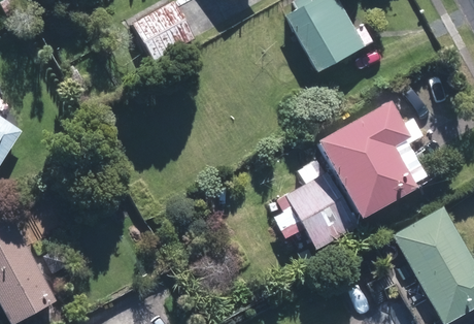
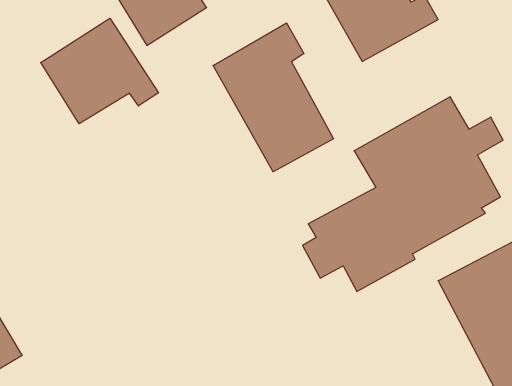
building: none -> [41,18,158,124]
building: none -> [213,23,334,172]

